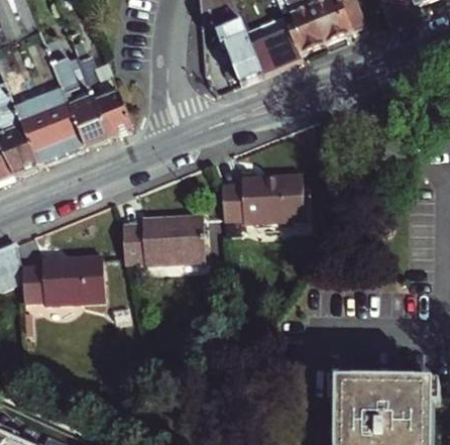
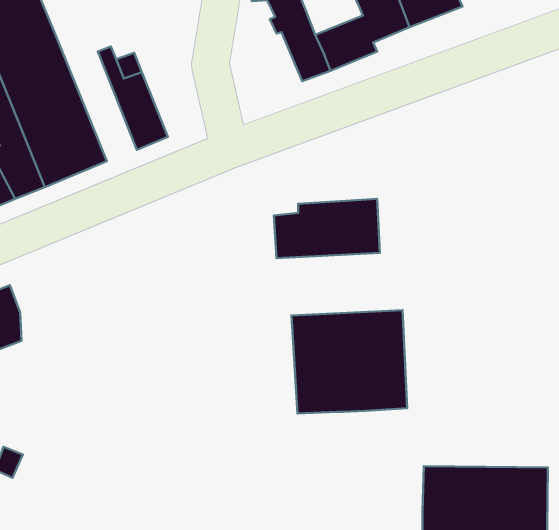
building: [45,38,110,145] -> none
building: [114,215,200,261] -> none
building: [19,254,102,301] -> none
building: none -> [291,310,407,414]

